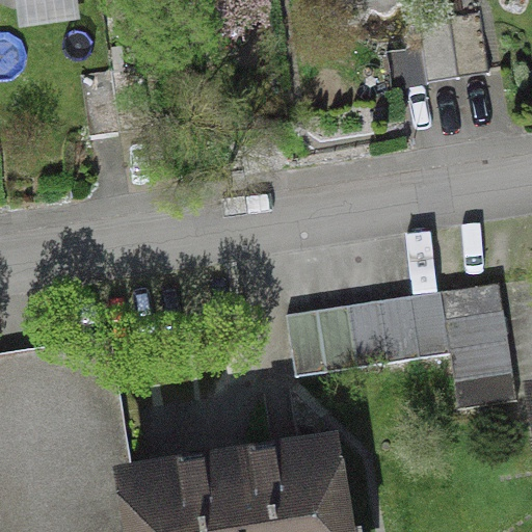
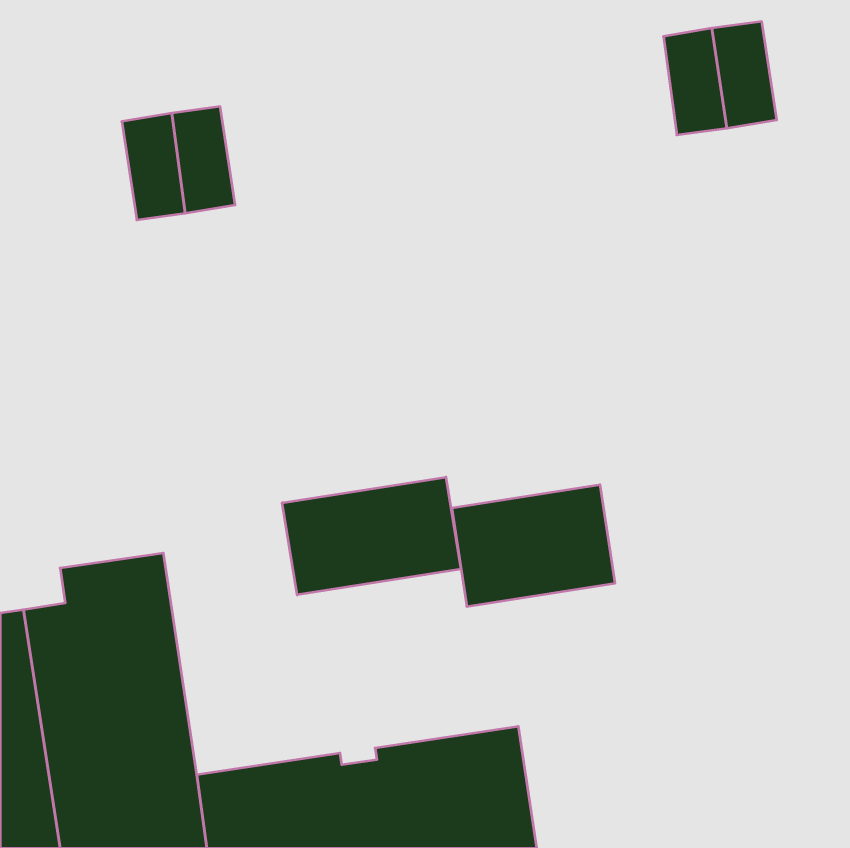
building: [375,284,513,410] -> none
building: none -> [282,477,461,595]

